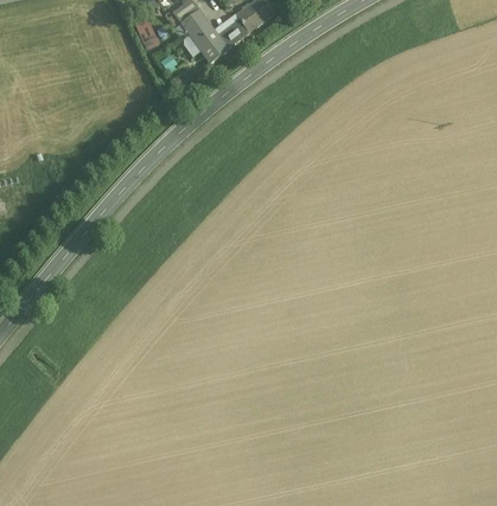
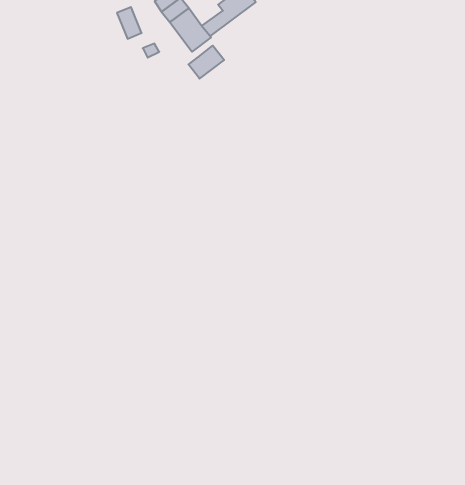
building: none -> [188,46,224,79]

